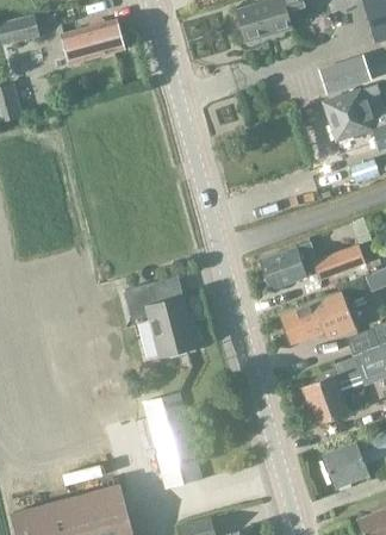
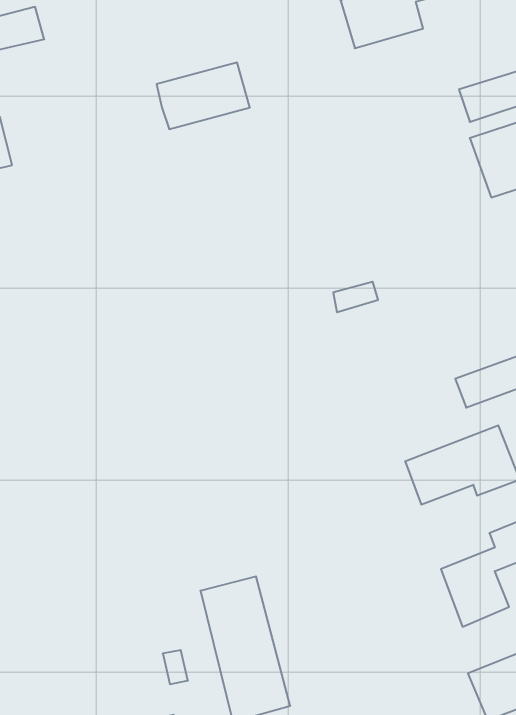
building: [62,20,124,64] -> [157,63,250,129]
building: [261,243,316,290] -> none
building: [124,282,200,357] -> none

